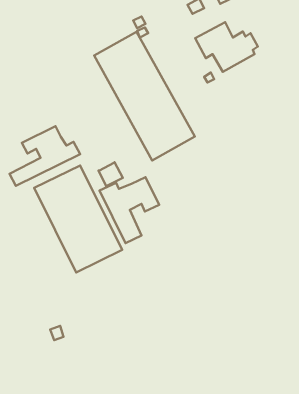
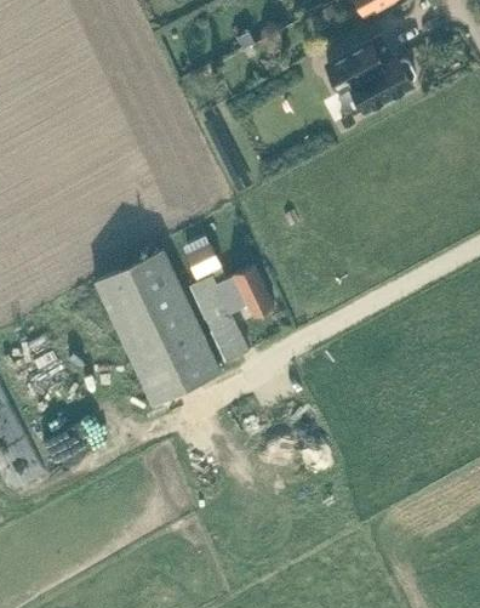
building: [94,32,195,160] -> none
building: [10,126,80,186] -> none

